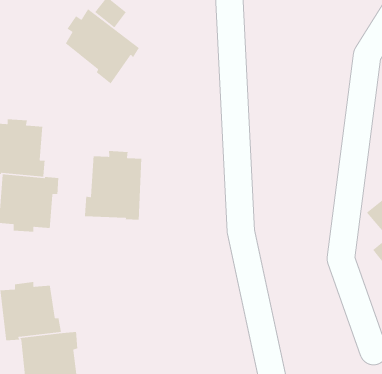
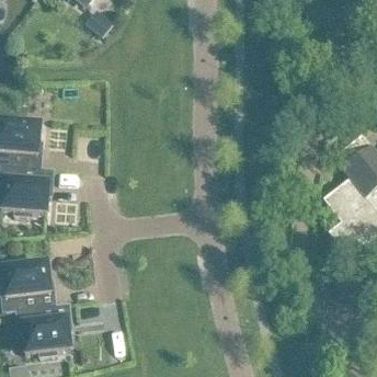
building: [65,8,140,85] -> none
building: [84,150,142,221] -> none

